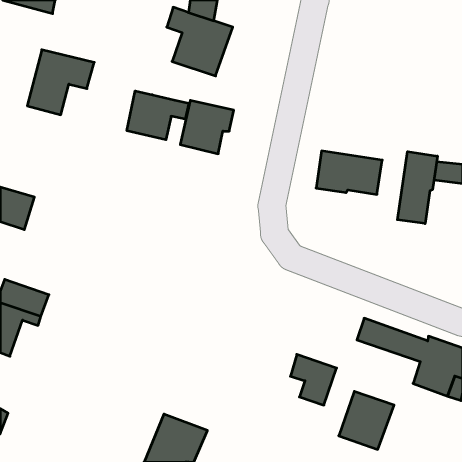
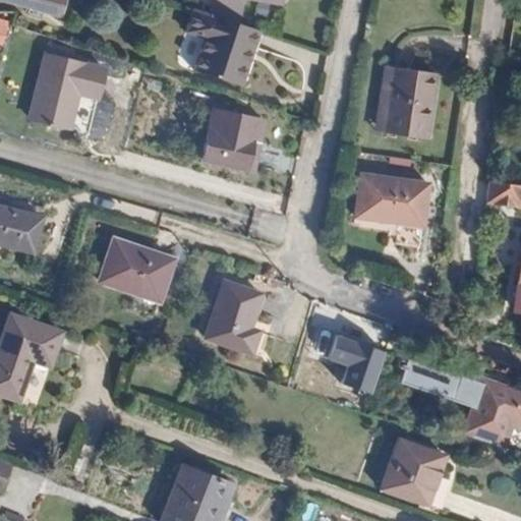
building: none -> [383,60,436,133]
building: [127,91,189,140] -> none
building: [397,152,437,224] -> none
building: none -> [99,238,173,301]
building: none -> [206,285,259,354]
building: [290,354,337,405] -> [326,333,378,390]

